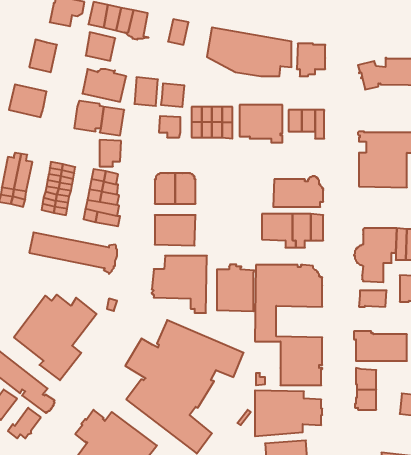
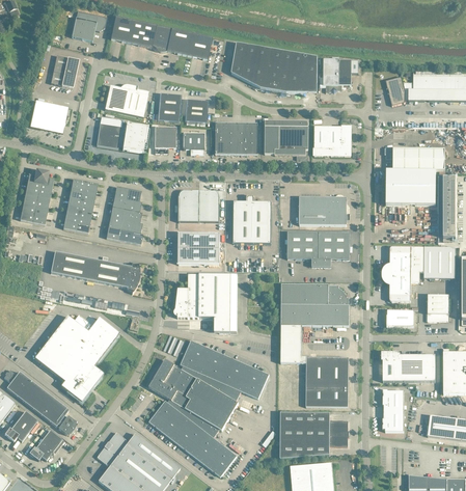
building: [86,32,115,61] -> [167,28,197,57]
building: [100,140,121,166] -> [155,127,176,154]
building: [217,264,255,311] -> [234,196,272,244]

